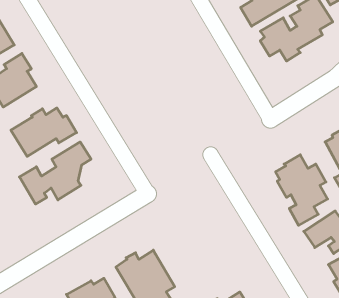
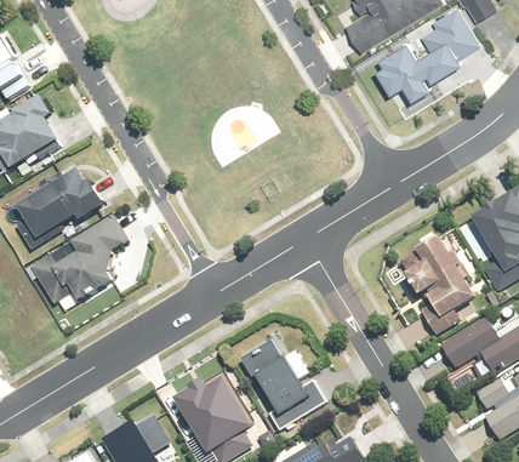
building: none -> [246,338,331,429]

